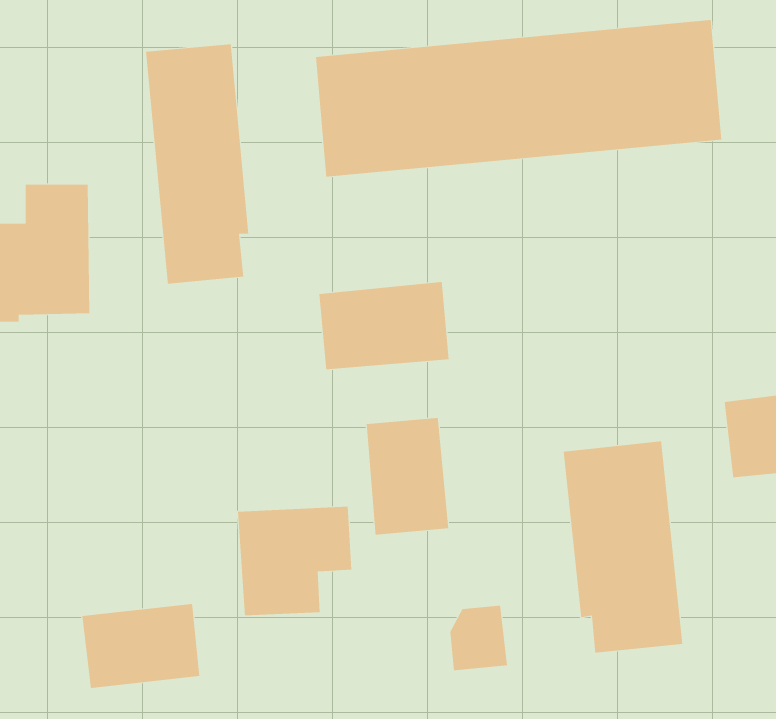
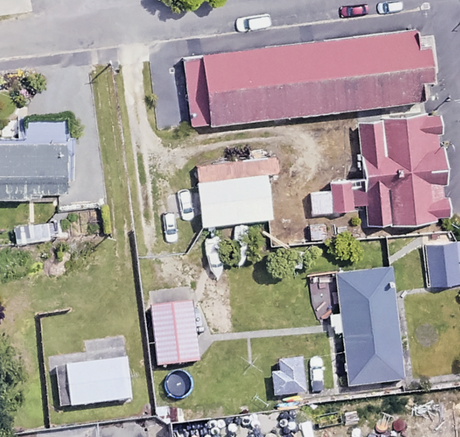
building: [146,44,249,285] -> none
building: none -> [342,113,444,217]
building: [366,417,449,536] -> none

